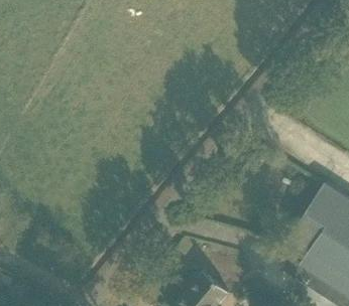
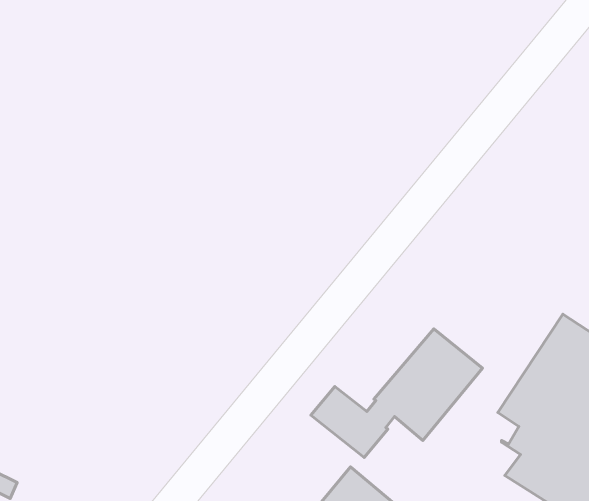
building: none -> [311,329,482,458]

